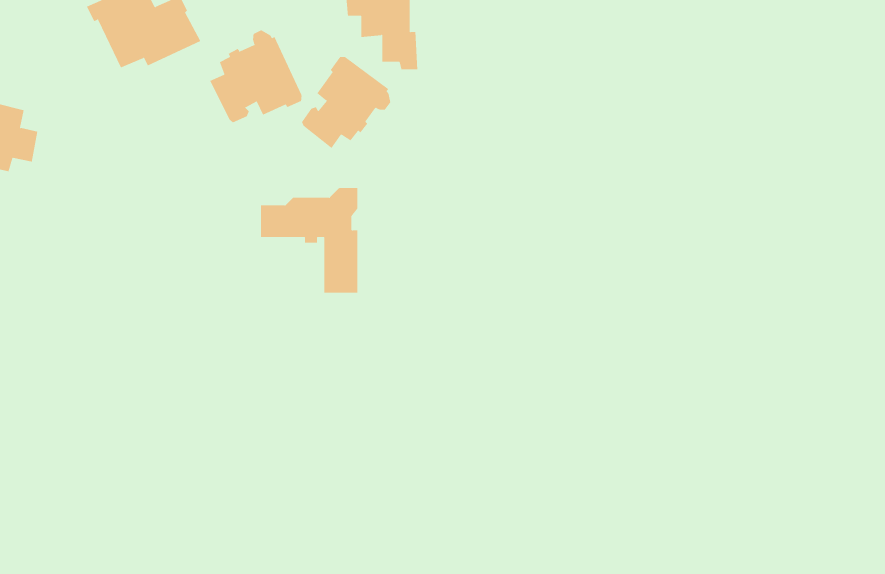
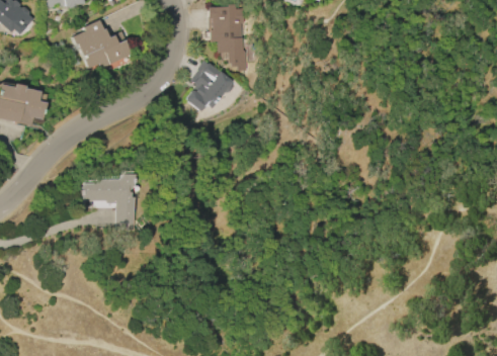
building: [209,29,302,123] -> none
building: [260,188,358,293] -> [83,174,135,230]

